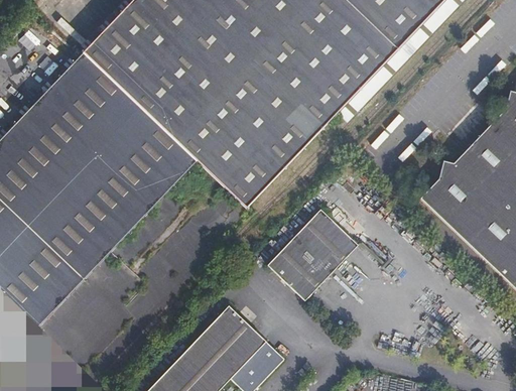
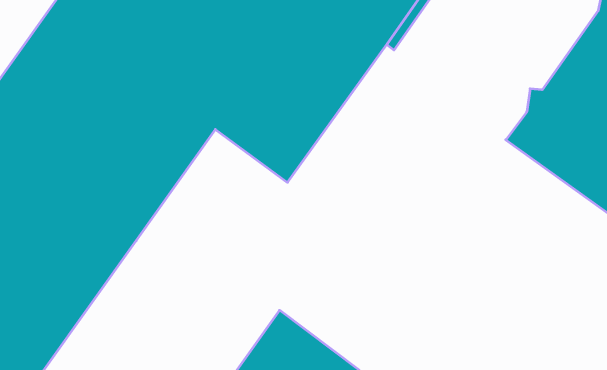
building: [267,210,359,301] -> none

